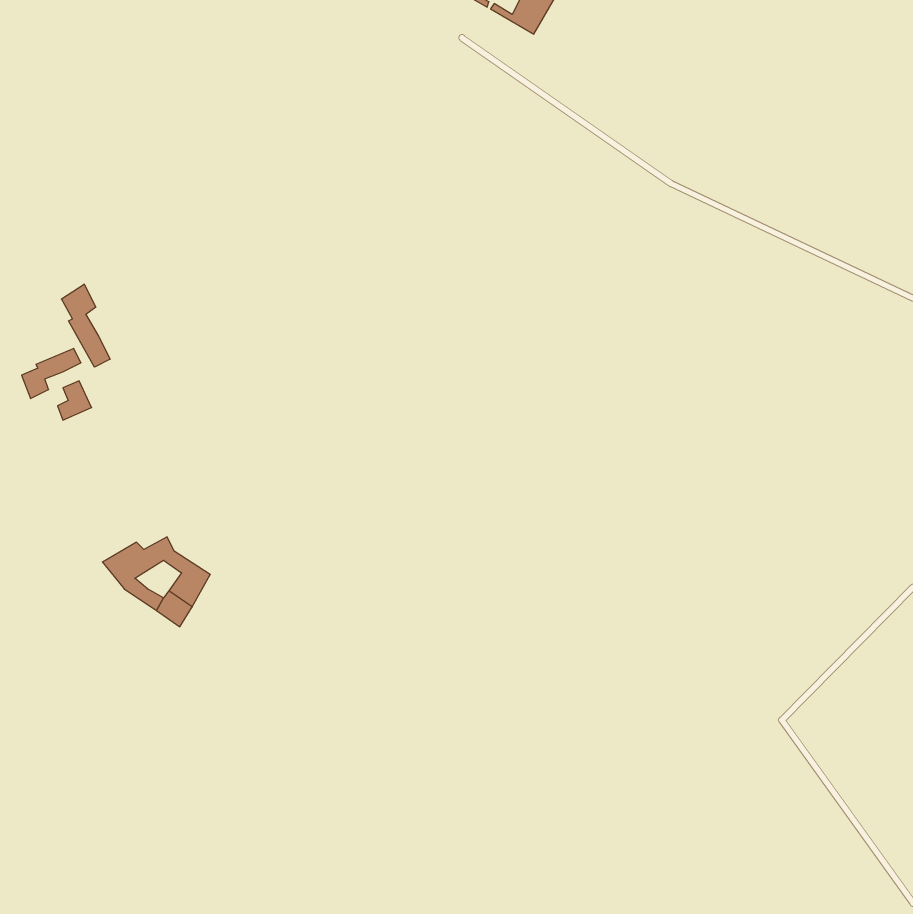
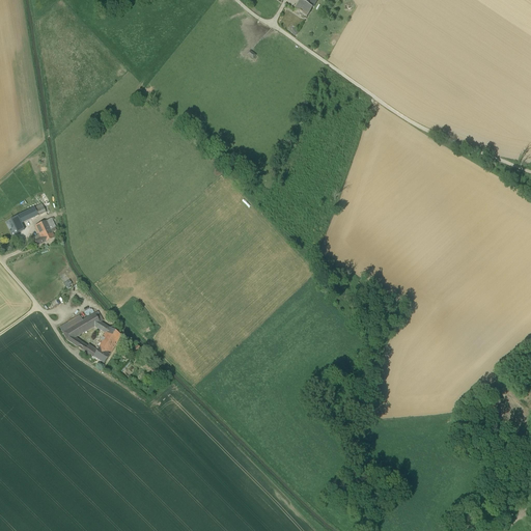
building: [61,284,110,367] -> none

